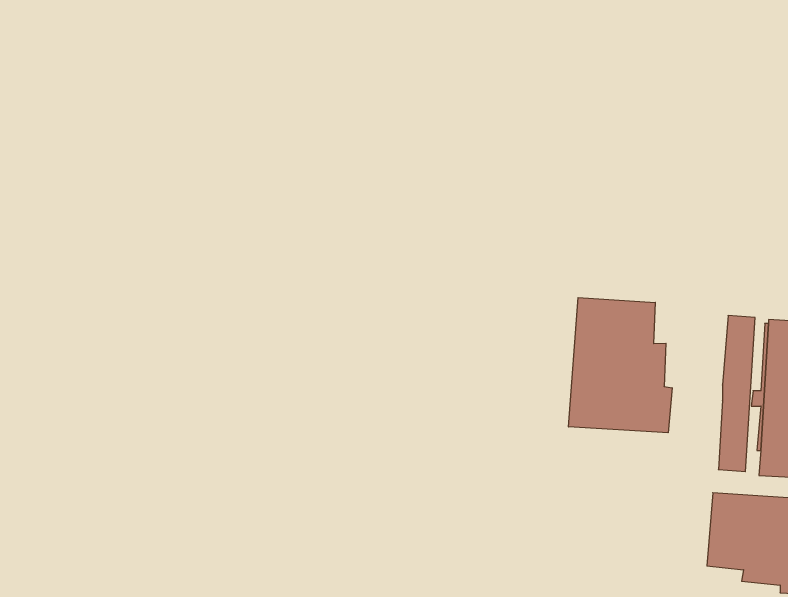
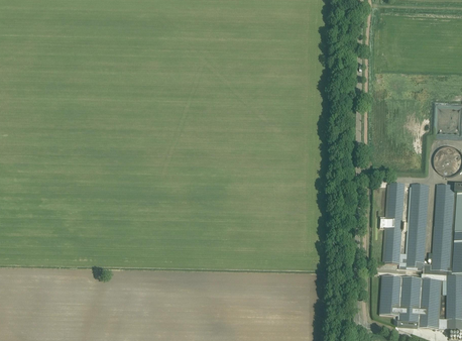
building: [569,298,672,433] -> none

